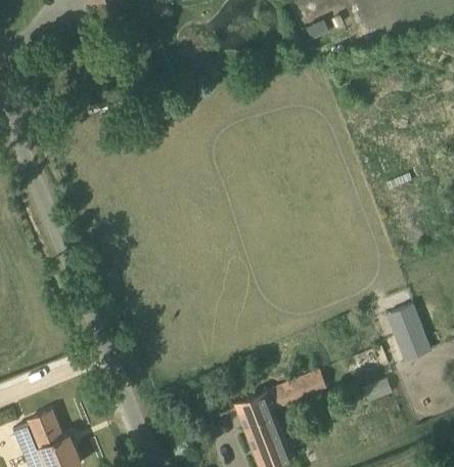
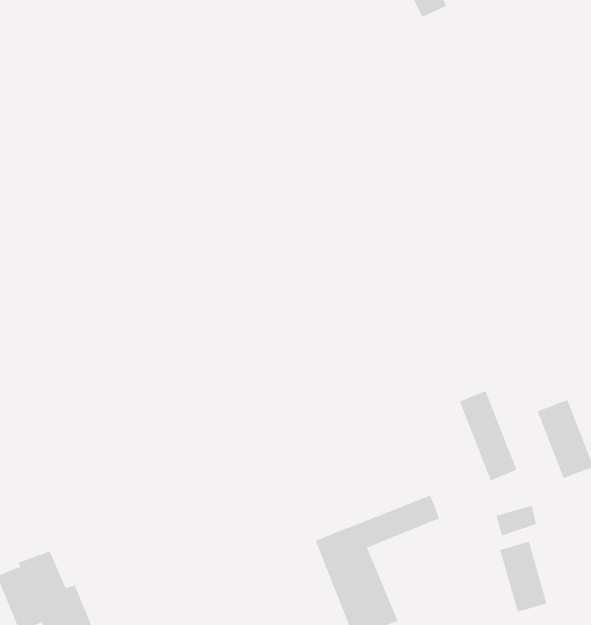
building: none -> [459,390,517,481]
building: none -> [500,541,547,612]

